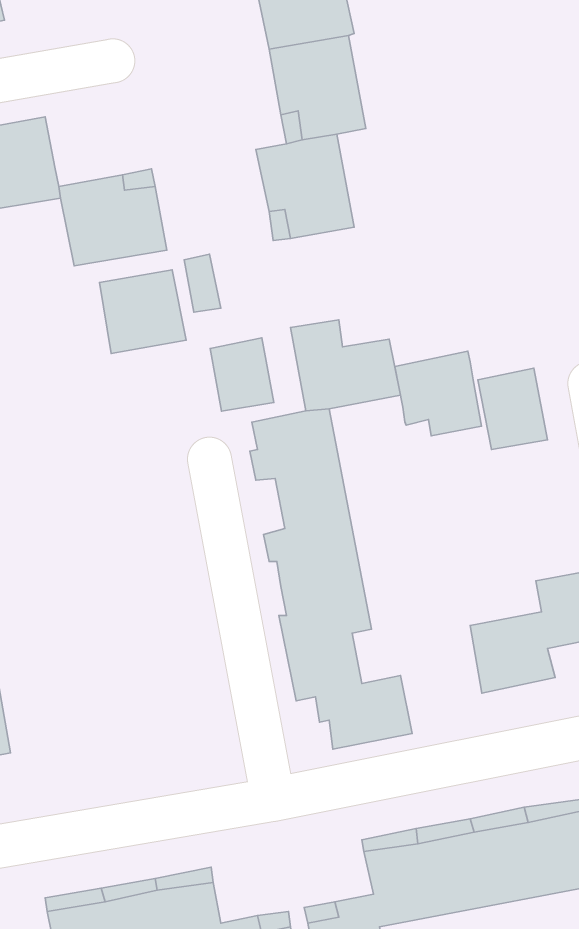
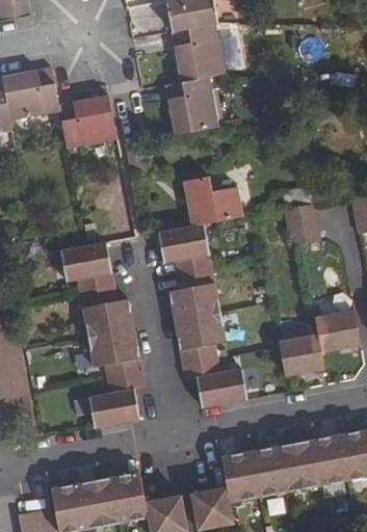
building: [99,270,186,354] -> none
building: [210,338,274,411] -> none
building: [395,351,481,436] -> none
building: none -> [59,243,146,428]

